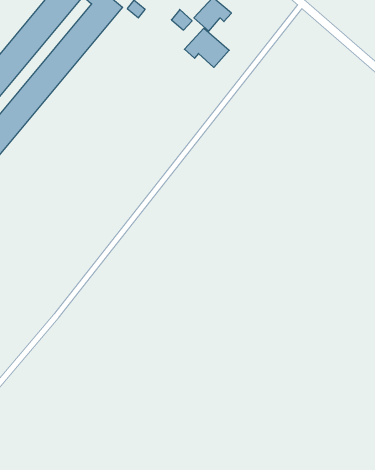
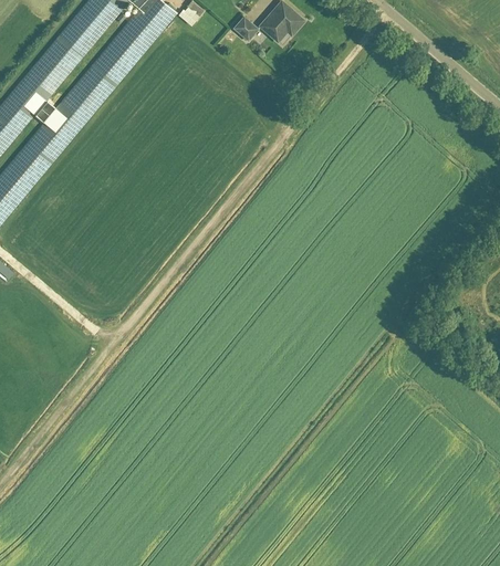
building: [184,28,229,67] -> none

